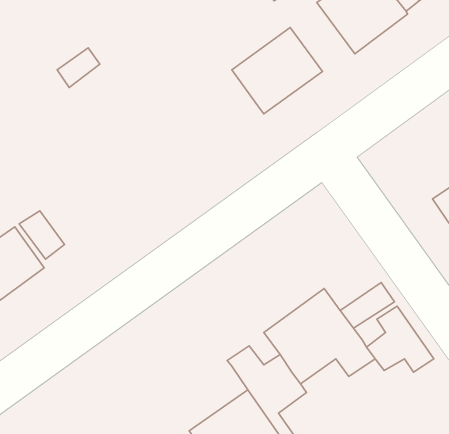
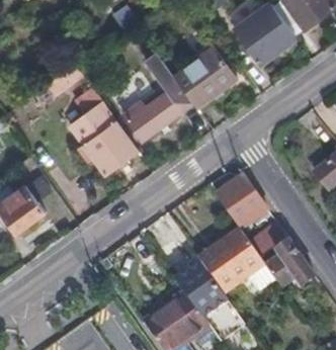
building: none -> [128,52,194,140]
building: none -> [69,102,139,176]
building: none -> [215,174,267,227]

